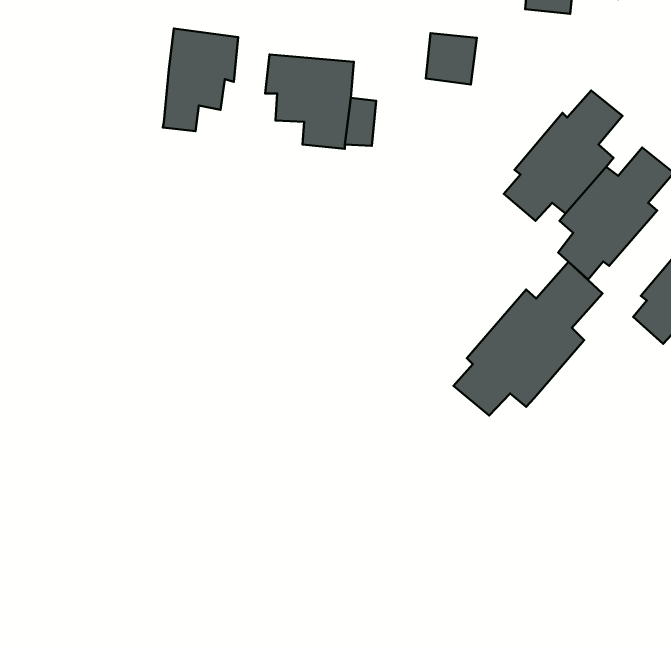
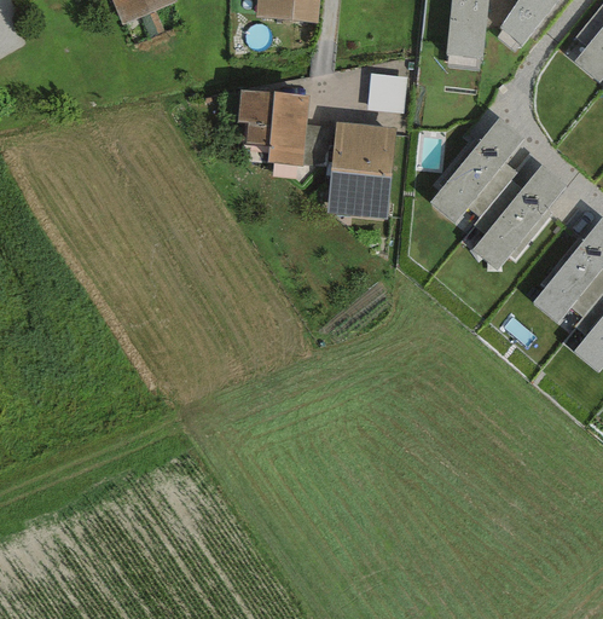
building: [163,29,238,131] -> none
building: none -> [326,121,395,219]
building: [453,262,603,415] -> none

